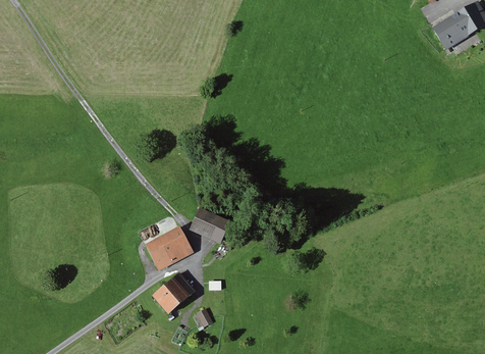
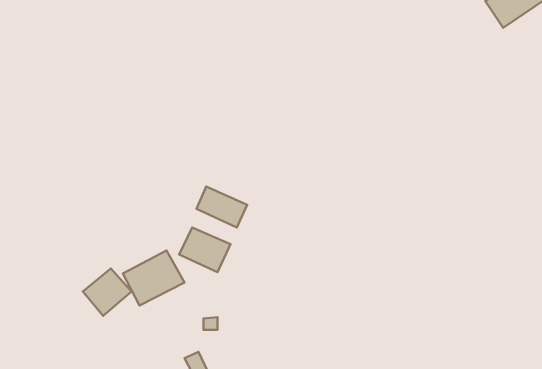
building: none -> [197,187,247,228]
building: [152,276,191,314] -> [83,268,131,316]

